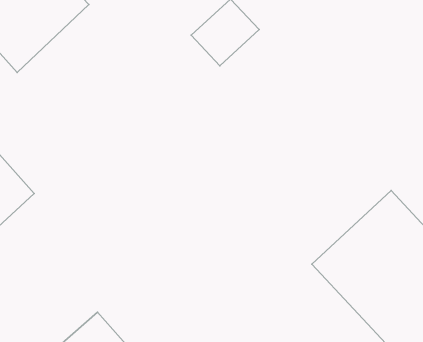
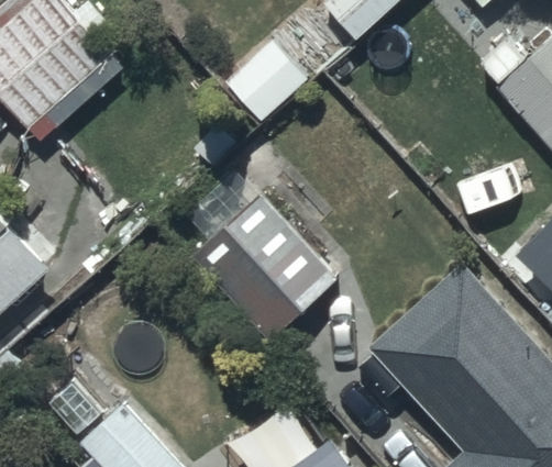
building: none -> [191,193,340,343]

